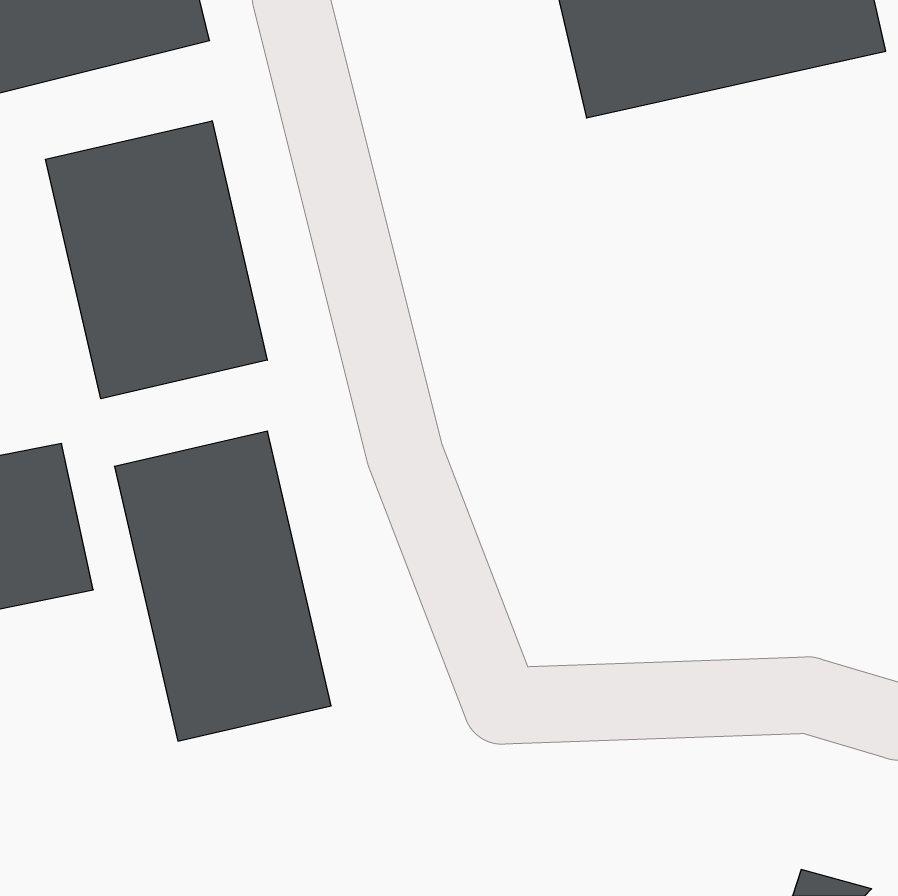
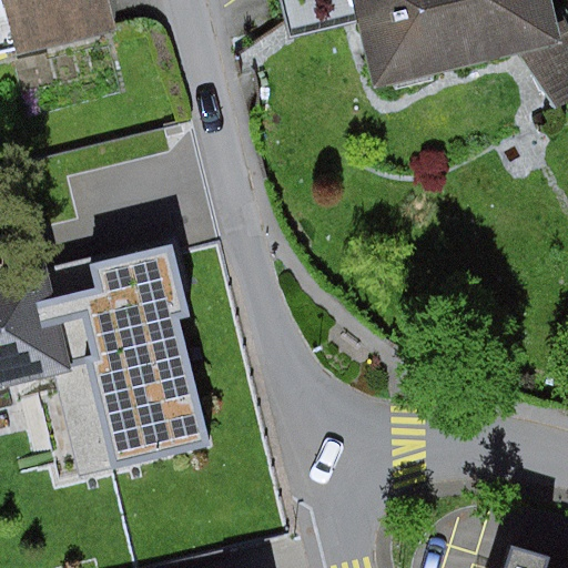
building: [46,121,267,399] -> none

